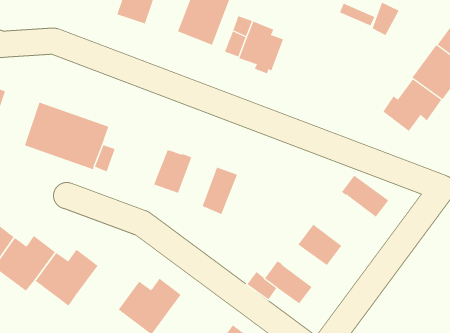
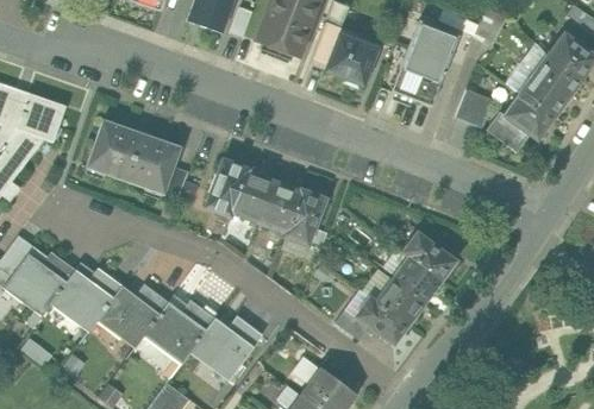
building: none -> [390,20,458,106]
building: none -> [455,90,492,127]
building: none -> [207,162,246,215]
building: none -> [258,181,301,235]
building: [341,175,389,217] -> [402,232,456,279]
building: none -> [375,278,425,326]
building: none -> [144,300,214,363]

